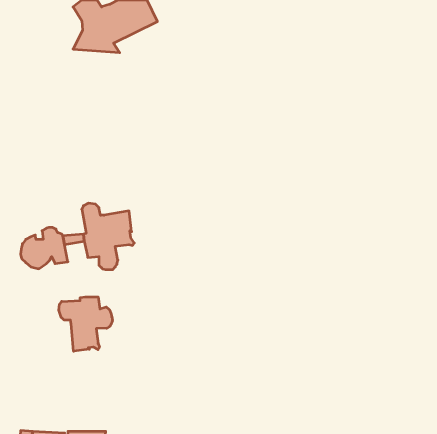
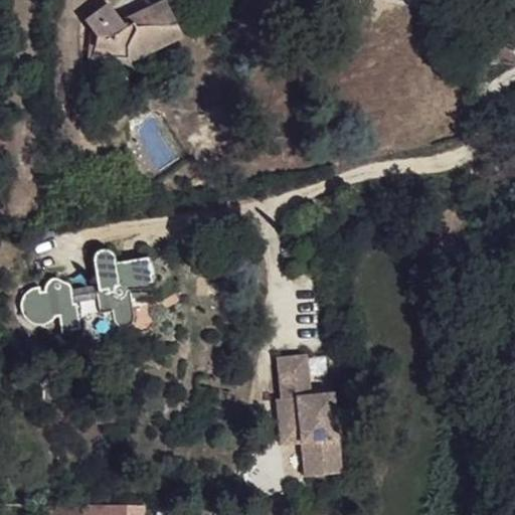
building: [59,297,112,351] -> none
building: none -> [278,369,338,490]

